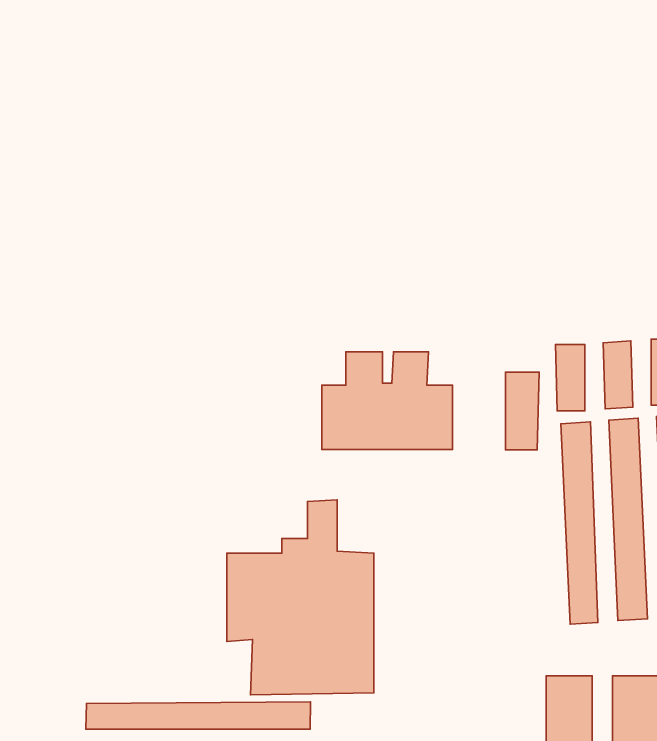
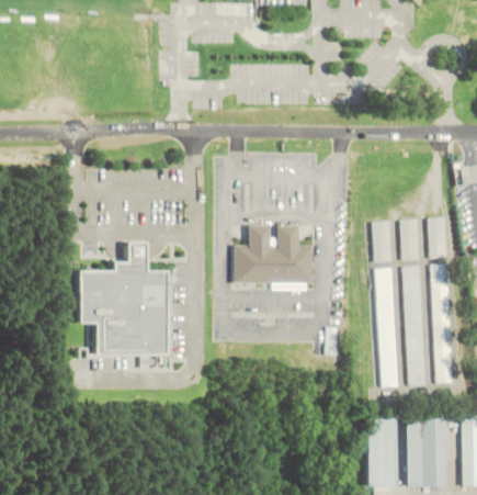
building: [505,372,539,450] -> none
building: [227,500,374,695] -> [75,243,162,359]
building: [86,702,311,729] -> none

